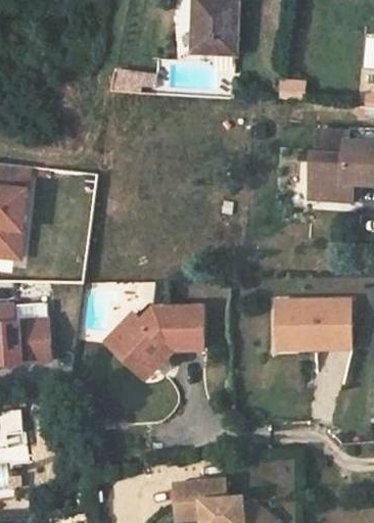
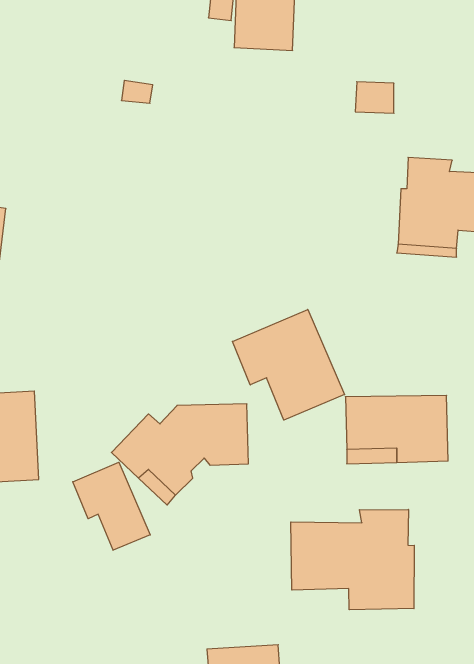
building: none -> [232,309,345,420]
building: none -> [73,462,150,550]
building: none -> [291,509,414,610]

